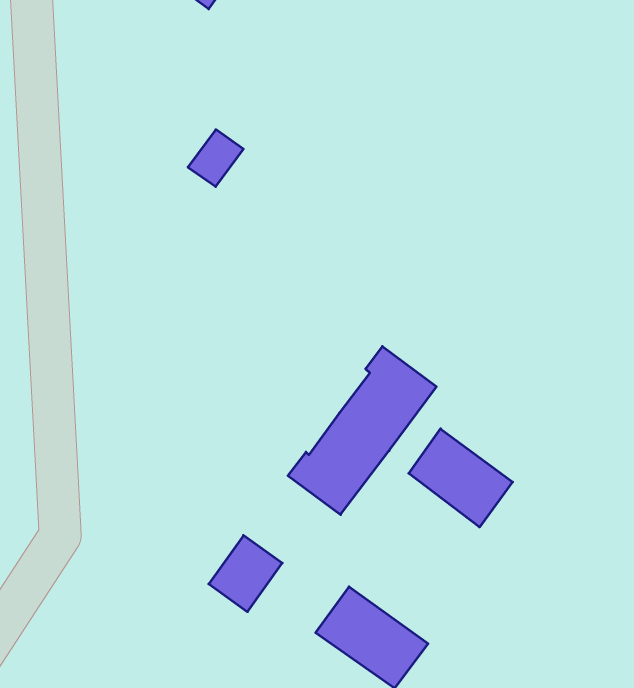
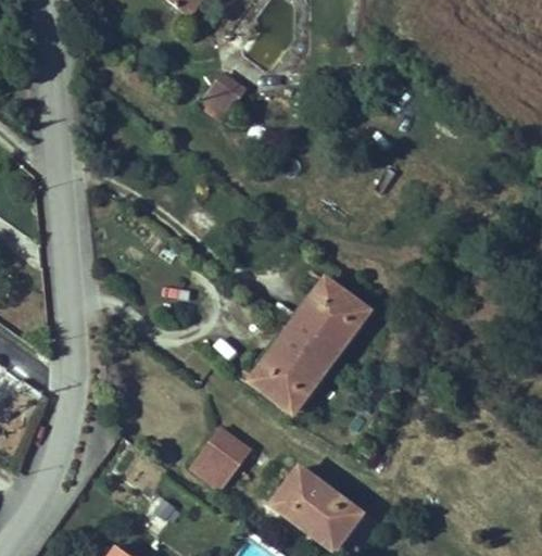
building: [188,130,243,187] -> [203,76,247,121]
building: [409,429,513,527] -> none

